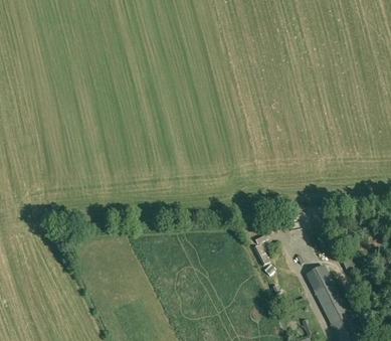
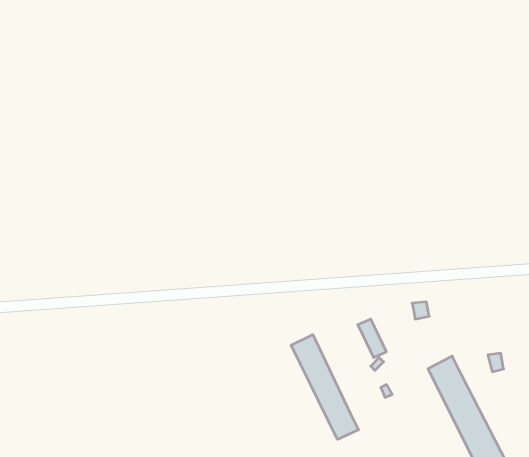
building: none -> [291,335,358,439]

